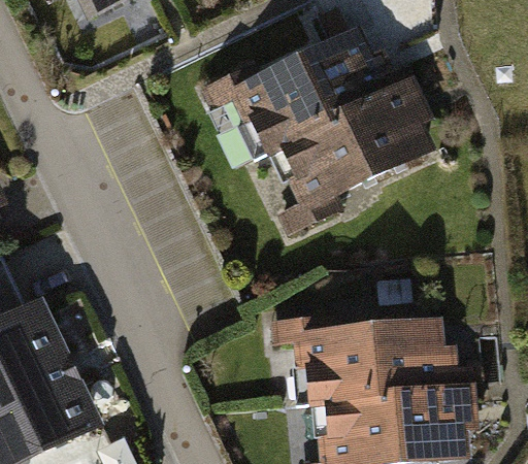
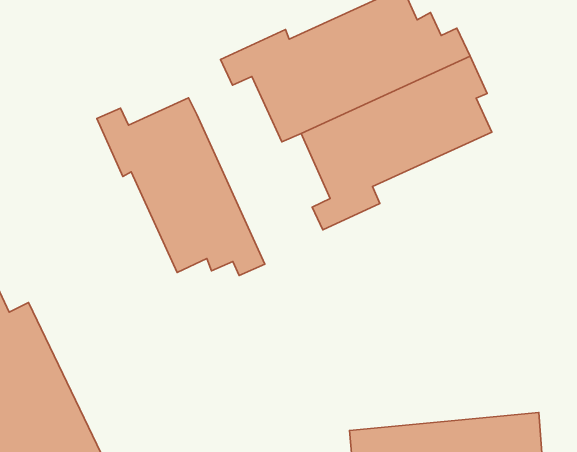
building: none -> [97,98,265,276]
building: [270,314,475,406] -> none

